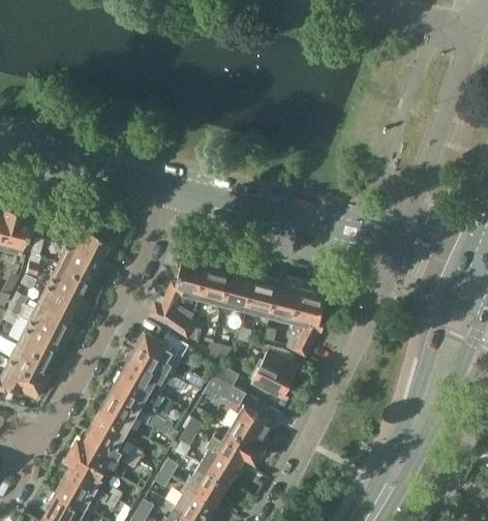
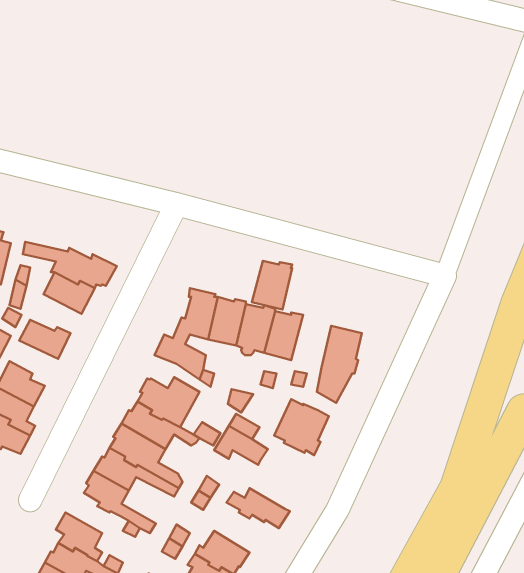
building: [44,264,88,297] -> none
building: [266,284,300,326] -> [252,261,292,310]
building: [27,303,68,341] -> none
building: [231,406,272,446] -> none
building: [74,432,121,466] -> none
building: [201,440,243,483] -> none

